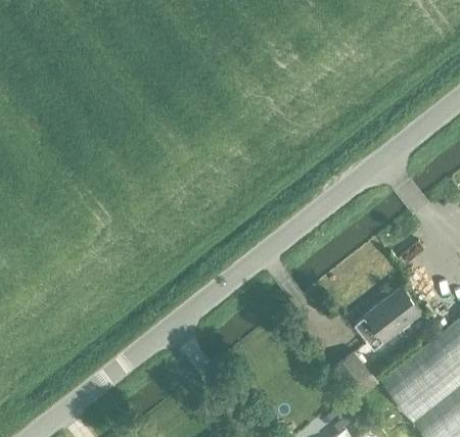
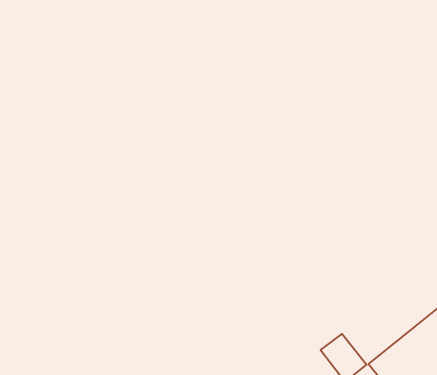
building: [359,289,422,348] -> none

